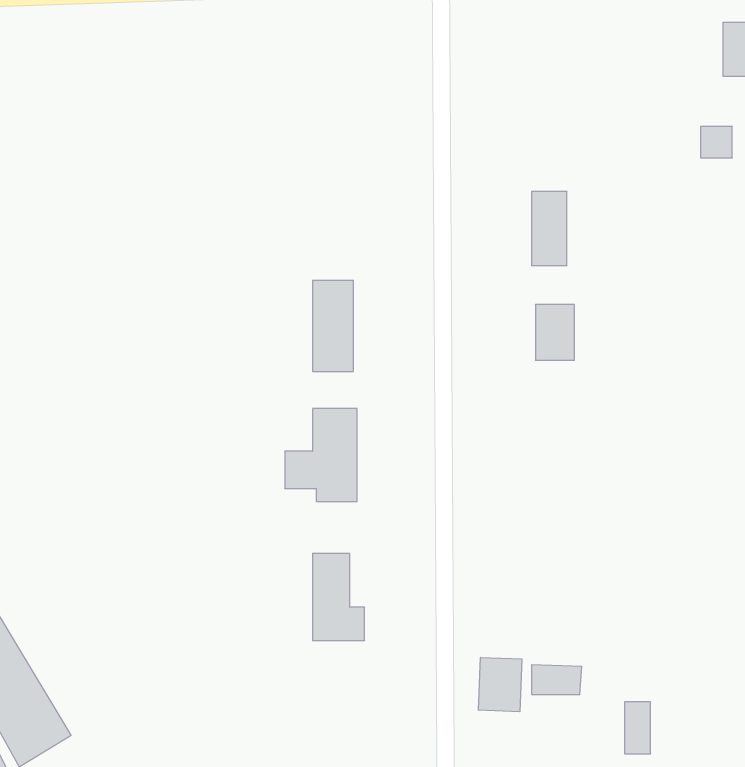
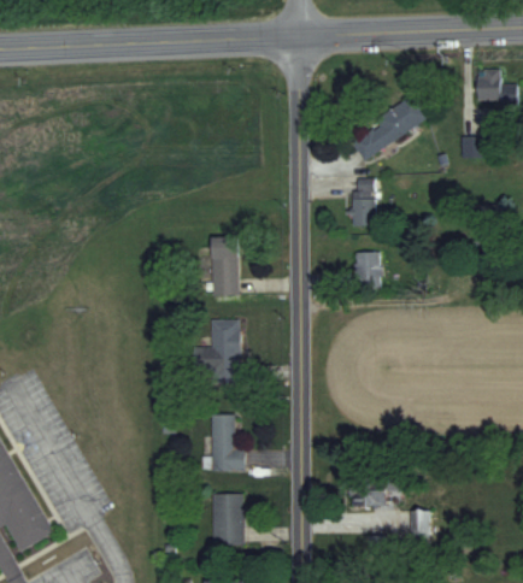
building: none -> [351,99,428,159]
building: [479,657,522,712] -> none
building: none -> [212,494,245,544]

